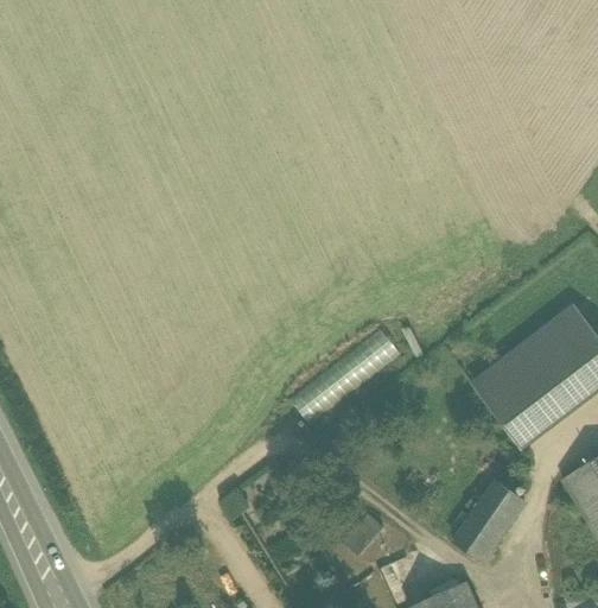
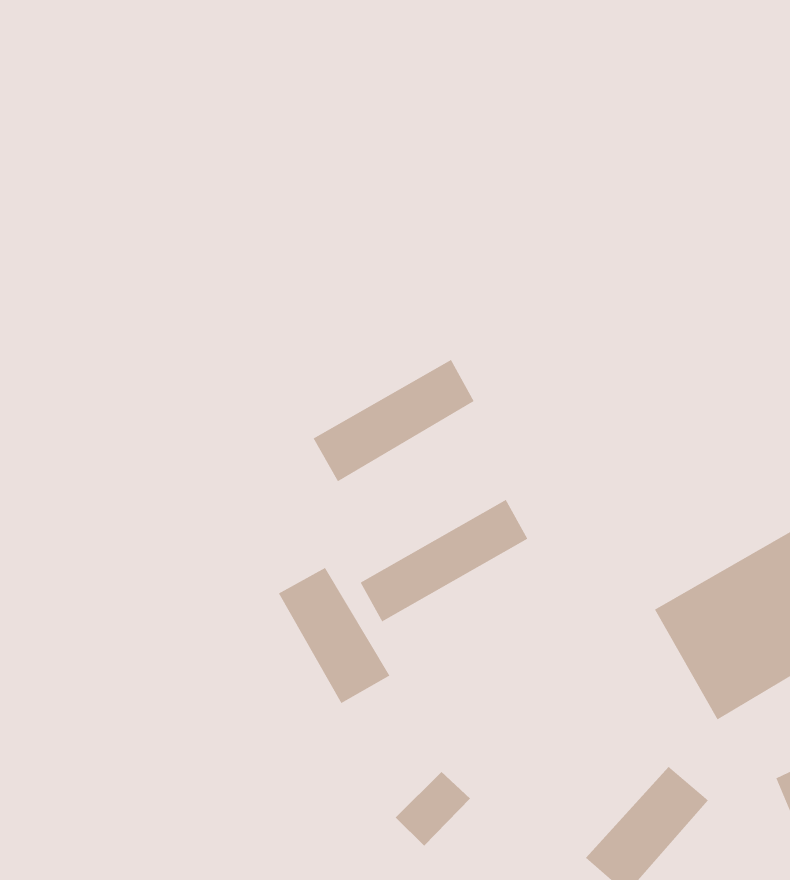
building: none -> [313,359,474,482]
building: none -> [278,567,390,704]

